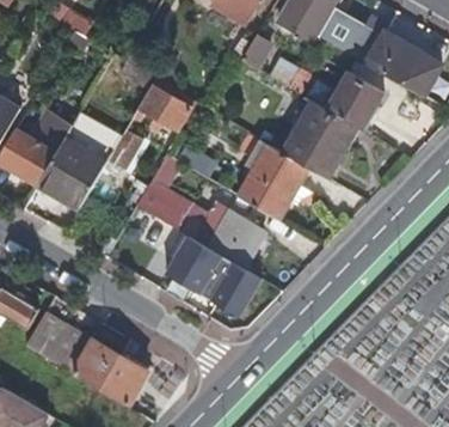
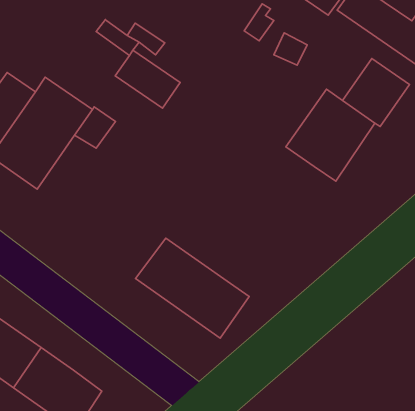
building: [236,141,308,216] -> none
building: [136,183,265,270] -> none

